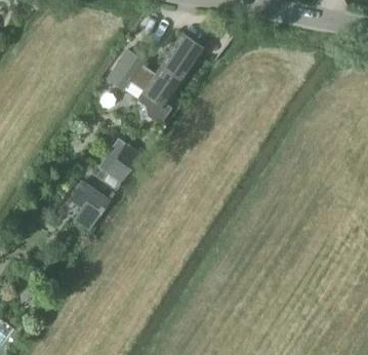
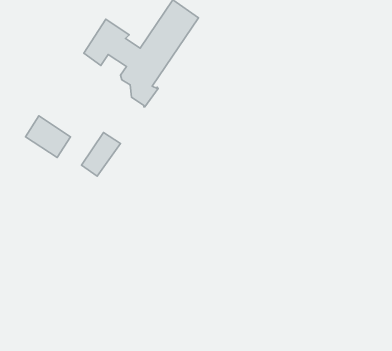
building: [70,185,108,220] -> [25,116,71,157]

